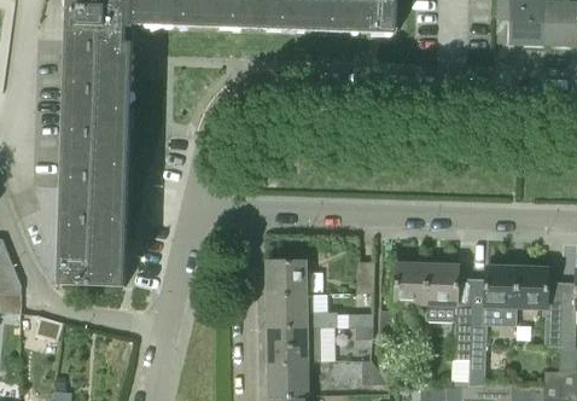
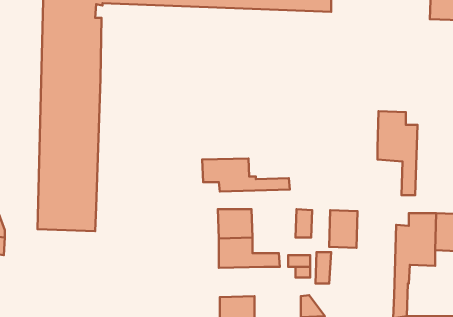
building: none -> [202,158,290,192]
building: [425,263,471,360] -> [377,111,417,195]
building: [267,327,320,362] -> none

